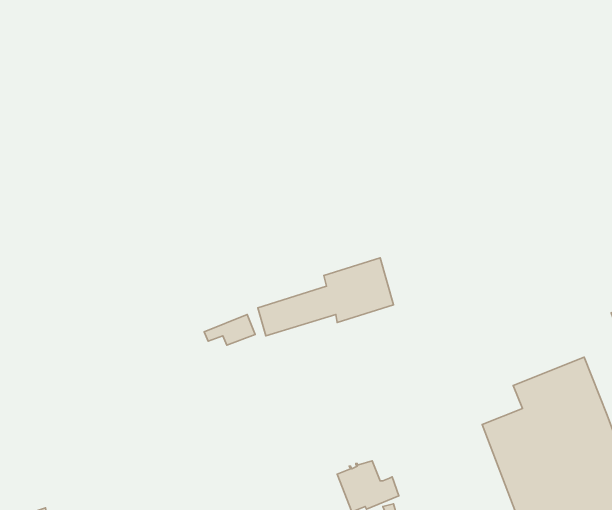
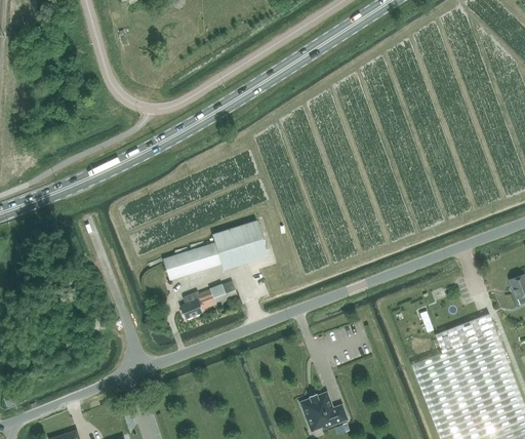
building: [258,258,394,336] -> [164,221,268,280]
building: none -> [180,290,204,318]

